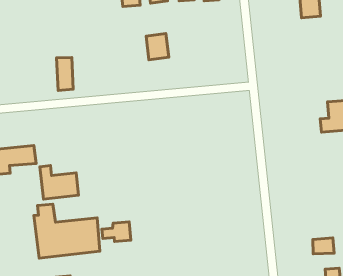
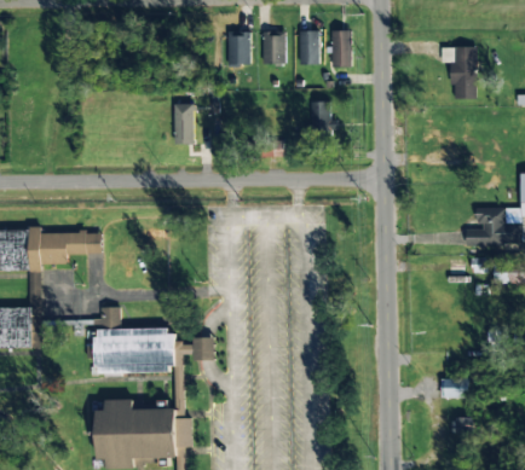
building: [146,34,169,60] -> [310,100,336,132]
building: [56,58,73,90] -> [173,103,194,144]
building: [40,166,79,199] -> none

